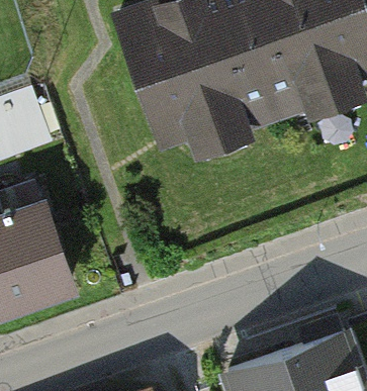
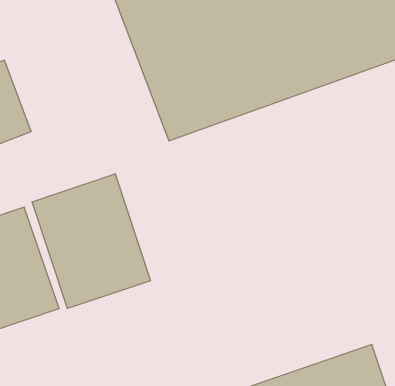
building: none -> [32,174,151,309]

